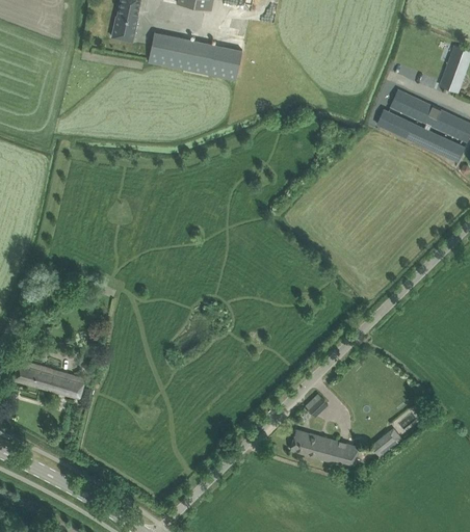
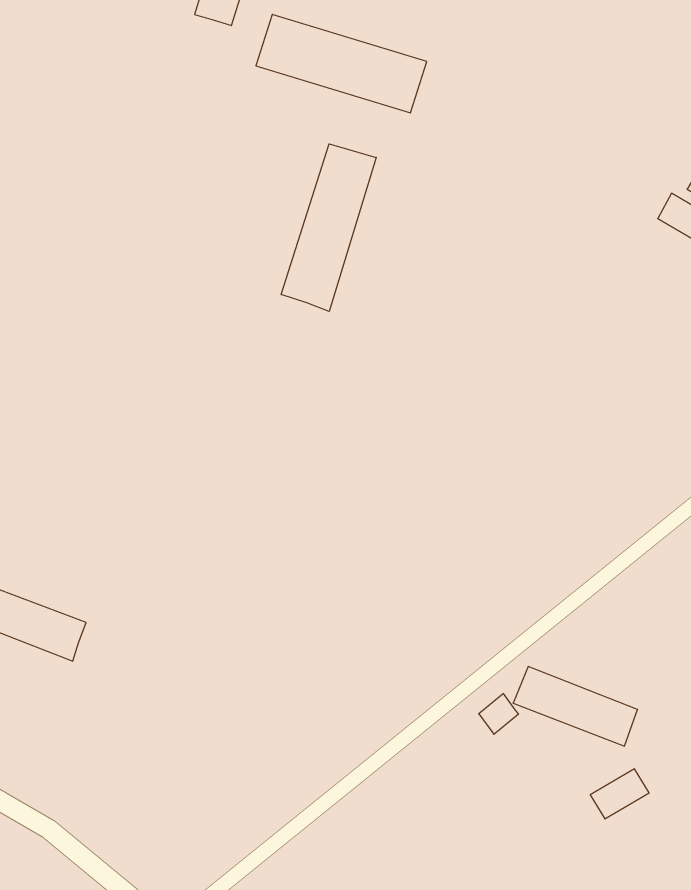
building: none -> [281,144,376,311]
building: [289,429,358,468] -> [513,667,638,746]

